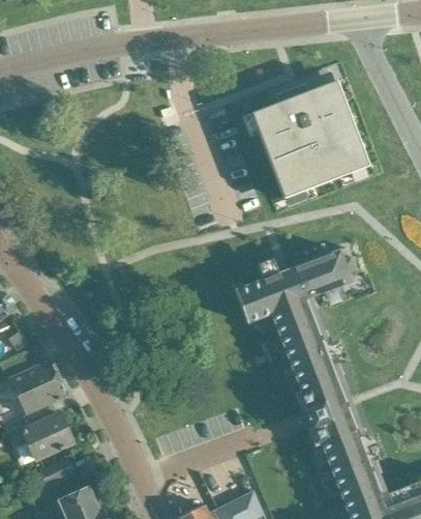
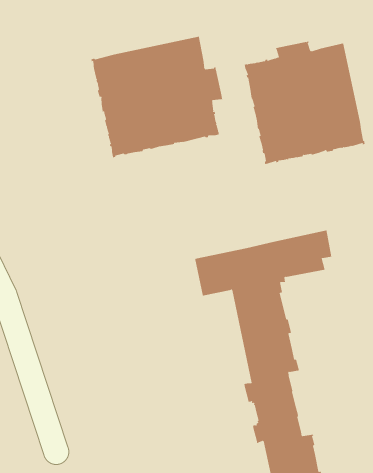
building: none -> [91,36,223,158]

